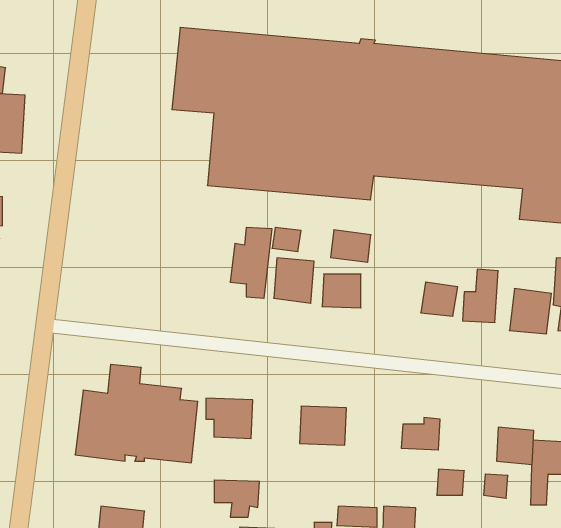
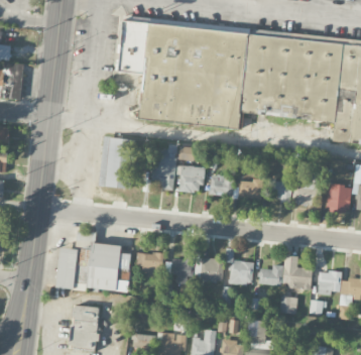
building: none -> [99,137,134,187]
building: [331,230,371,262] -> [238,180,263,200]
building: none -> [283,255,313,289]
building: none -> [228,259,254,285]
building: [214,480,259,517] -> [165,259,194,282]
building: none -> [71,305,100,323]

